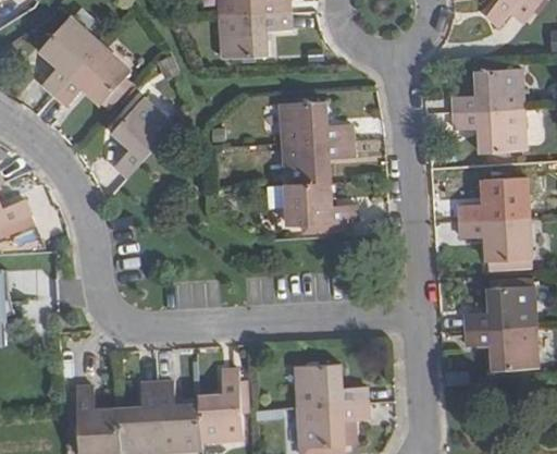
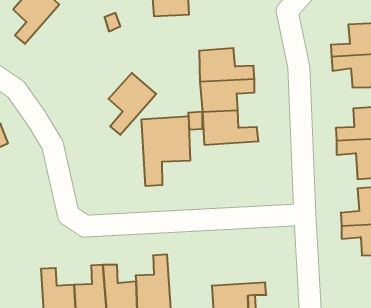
building: [54,45,129,107] -> none
building: [111,98,173,179] -> [108,73,156,135]
building: none -> [142,116,190,186]
building: [295,365,367,409] -> none

